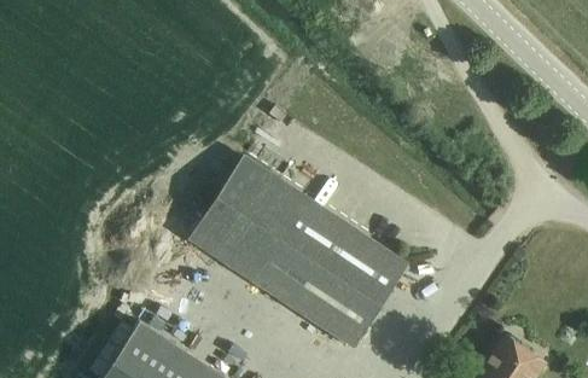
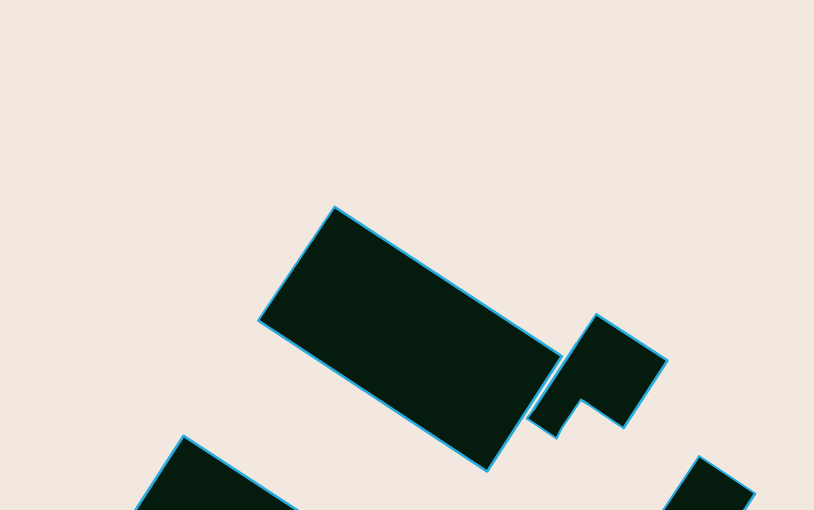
building: none -> [527,314,667,438]

